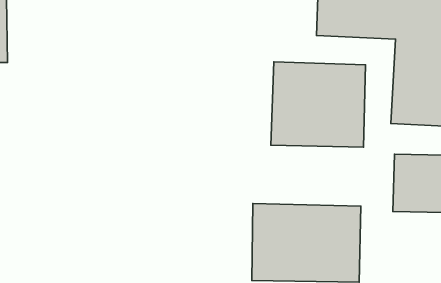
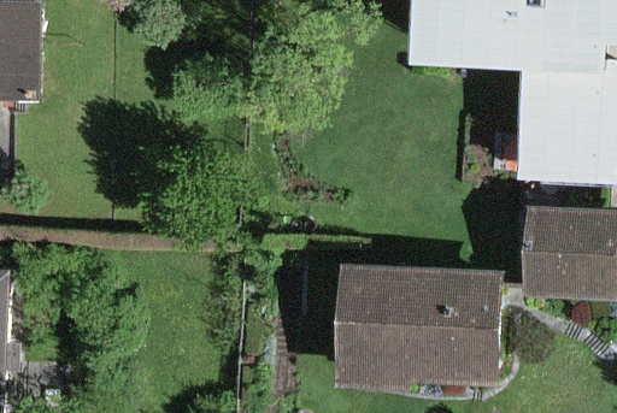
building: [271,62,365,147] -> none

